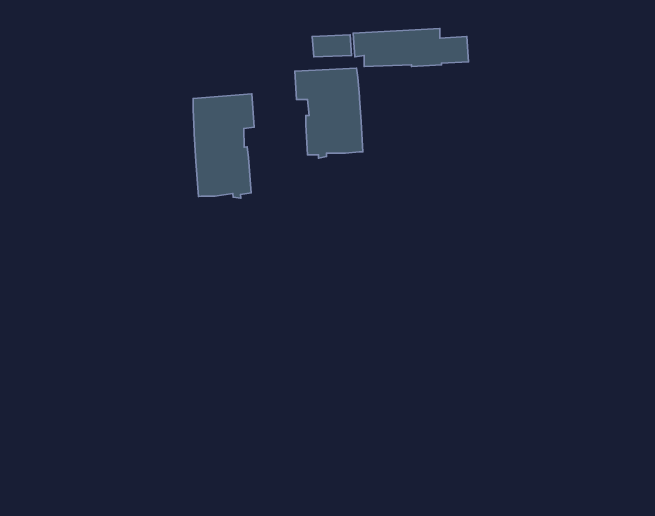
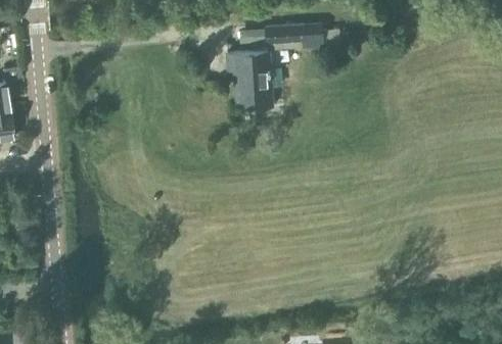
building: [193,94,254,198] -> none

